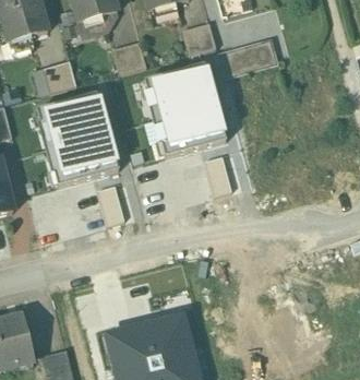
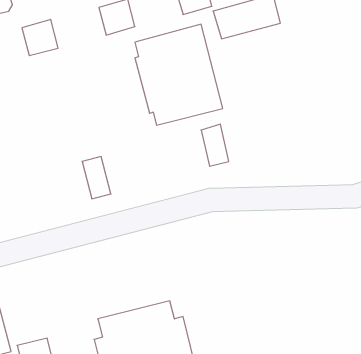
building: [41,91,121,182] -> none

